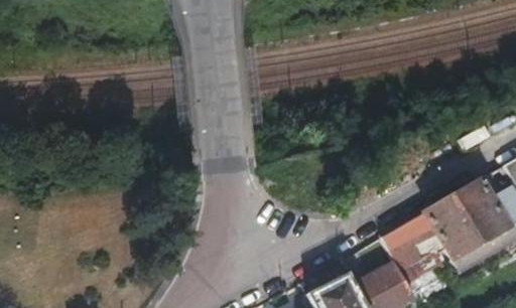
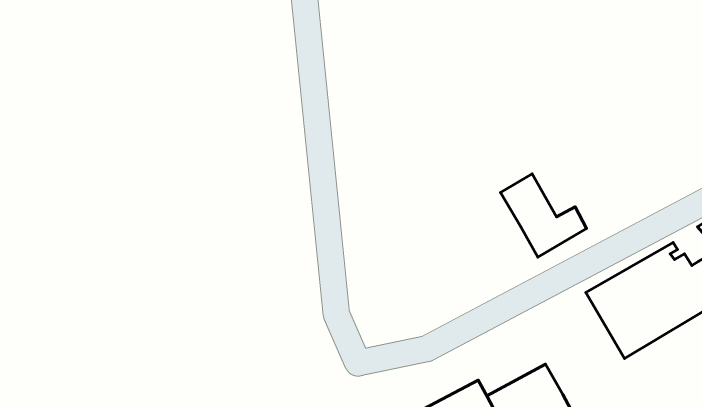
building: [377,225,437,284] -> [501,174,587,257]

